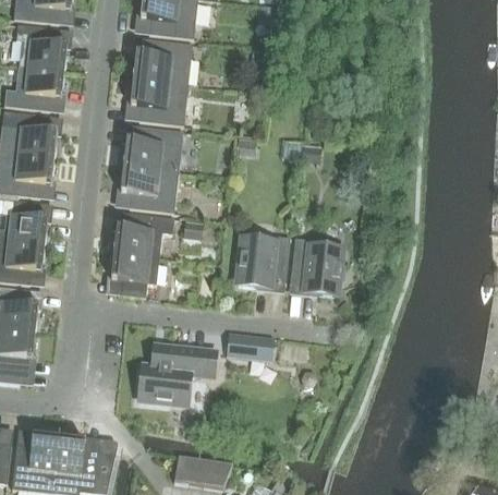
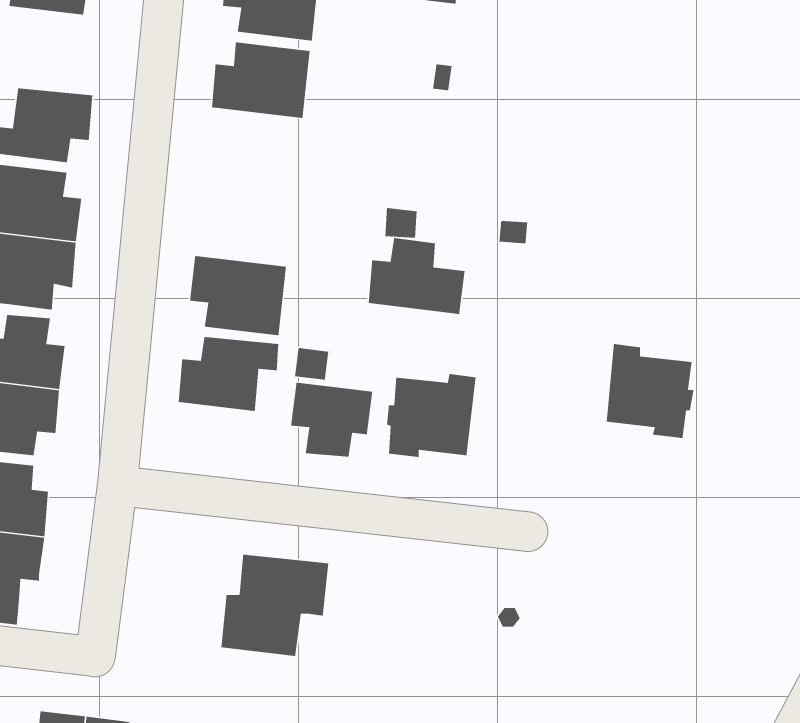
building: [15,26,66,72] -> none
building: [130,80,187,128] -> none
building: [123,128,181,173] -> [368,237,465,315]
building: [290,239,342,295] -> [606,343,694,439]
building: [110,254,159,299] -> [290,382,373,457]
building: [227,335,272,361] -> none

